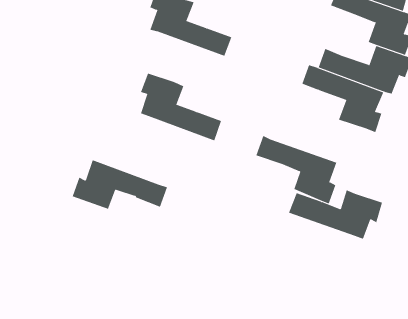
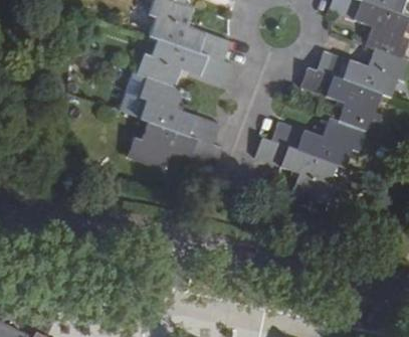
building: none -> [137,37,231,87]
building: [72,160,168,210] -> [128,121,222,170]
building: [288,189,383,239] -> [268,120,362,169]

